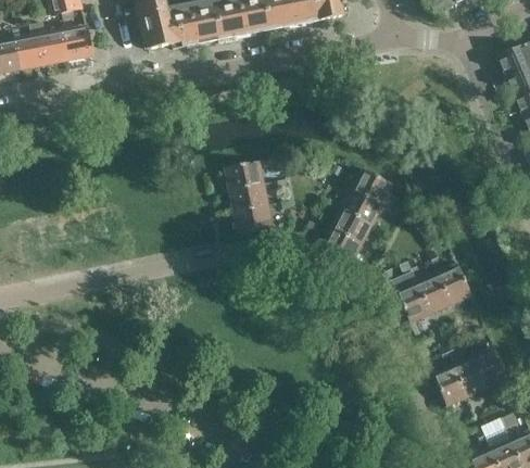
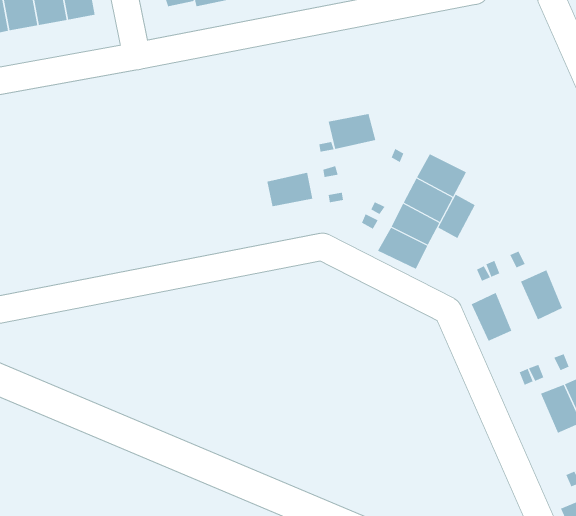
building: [225,161,264,190] -> [328,113,376,150]
building: none -> [437,194,476,239]
building: [235,204,273,232] -> none
building: [417,271,451,312] -> none
building: [433,363,467,404] -> none

